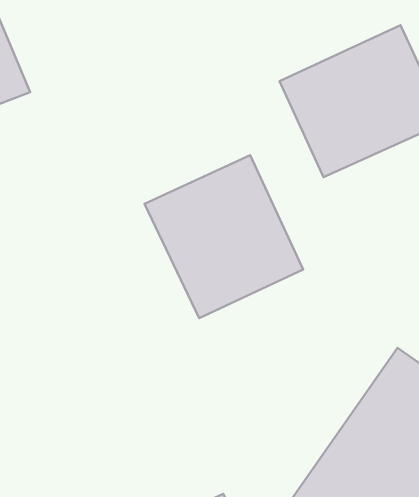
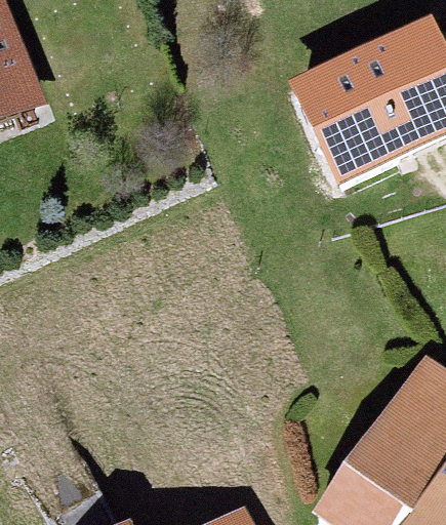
building: [145,155,303,318] -> none

